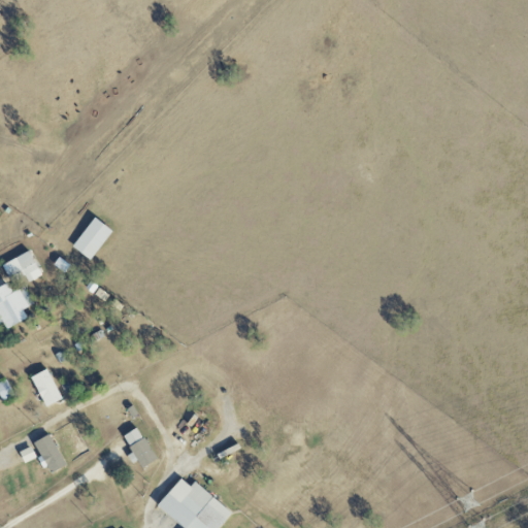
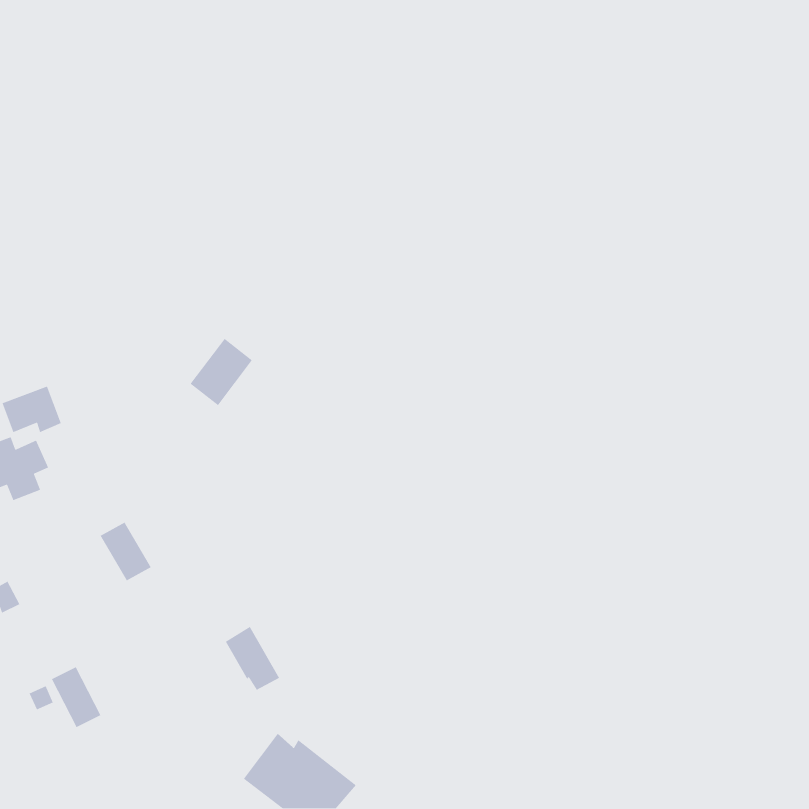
building: [71,216,112,260] -> [189,338,253,406]
building: [29,368,63,407] -> [100,521,152,582]
building: [122,426,158,468] -> [225,626,280,691]

